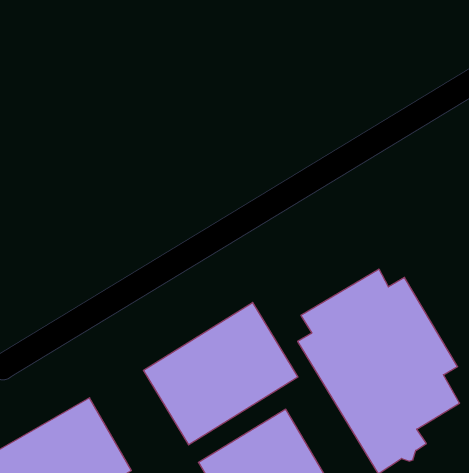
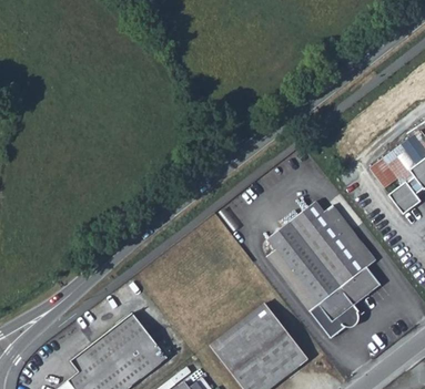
building: [143,302,298,445] -> none

